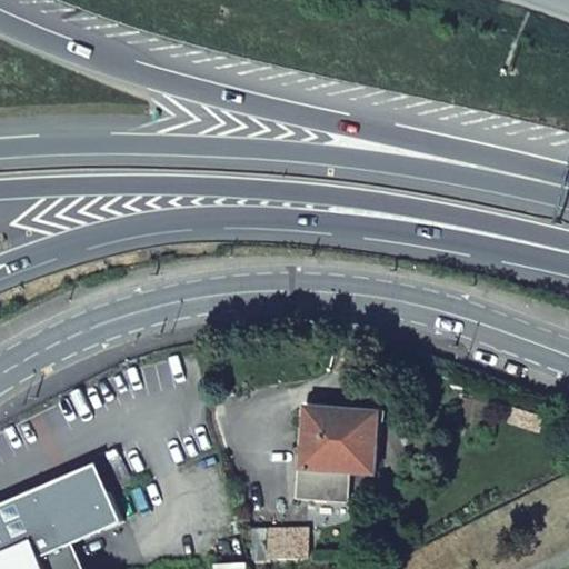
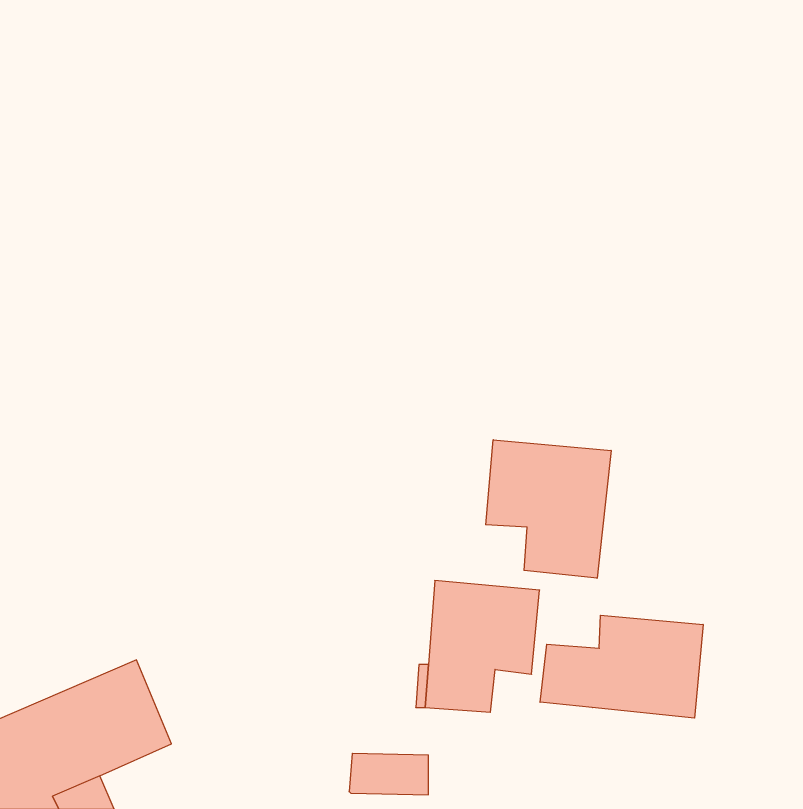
building: none -> [486,440,611,578]
building: none -> [540,615,703,718]

